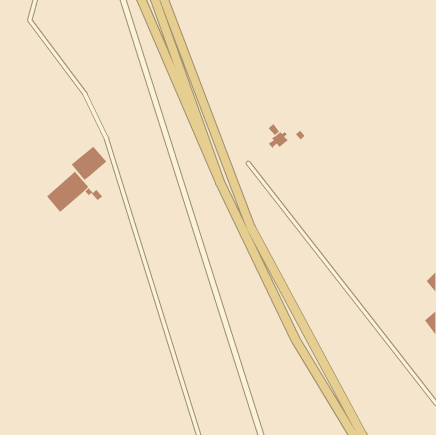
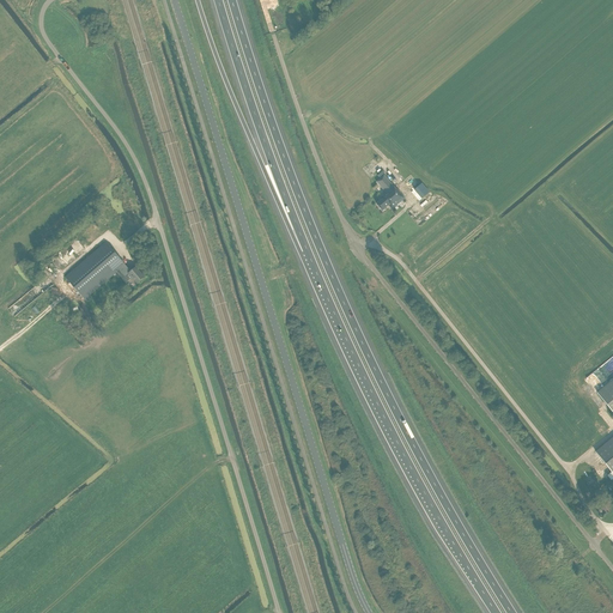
building: [71,146,107,181] -> none

